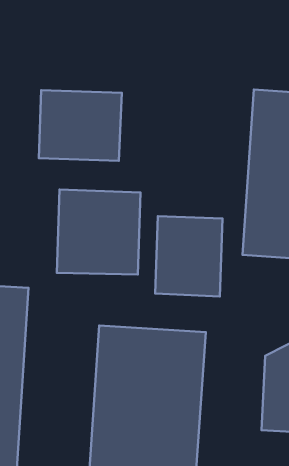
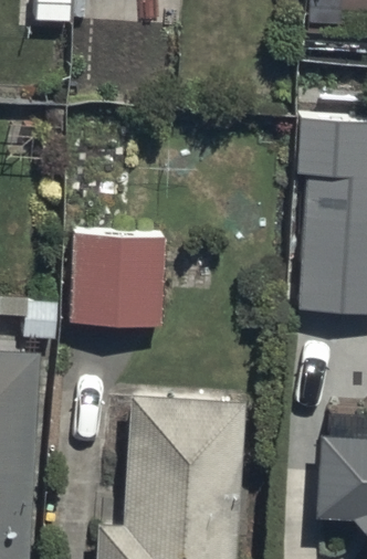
building: [39,90,122,161] -> none
building: [155,216,222,297] -> none

